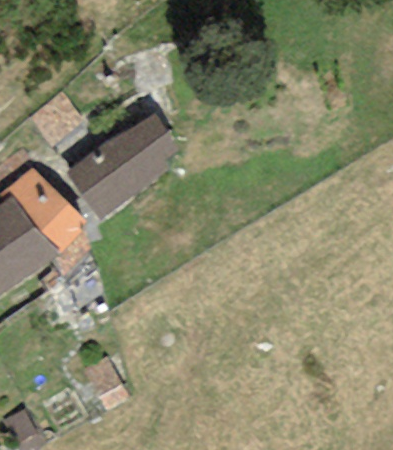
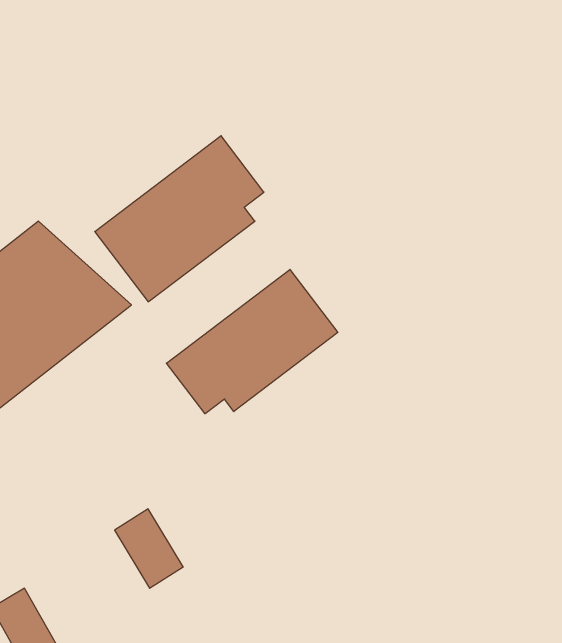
building: none -> [166,269,338,414]

